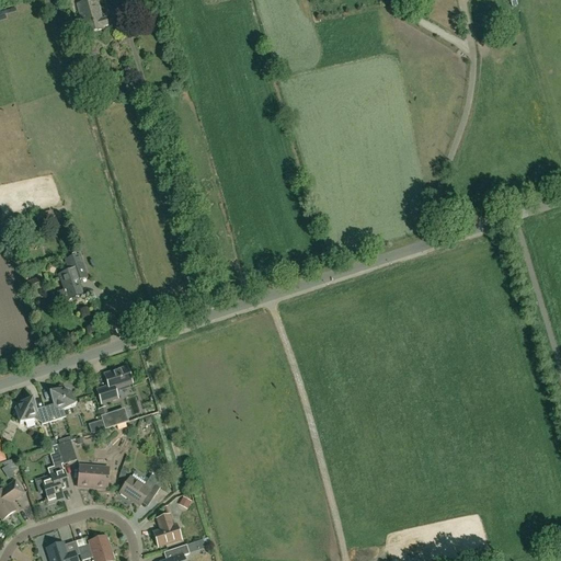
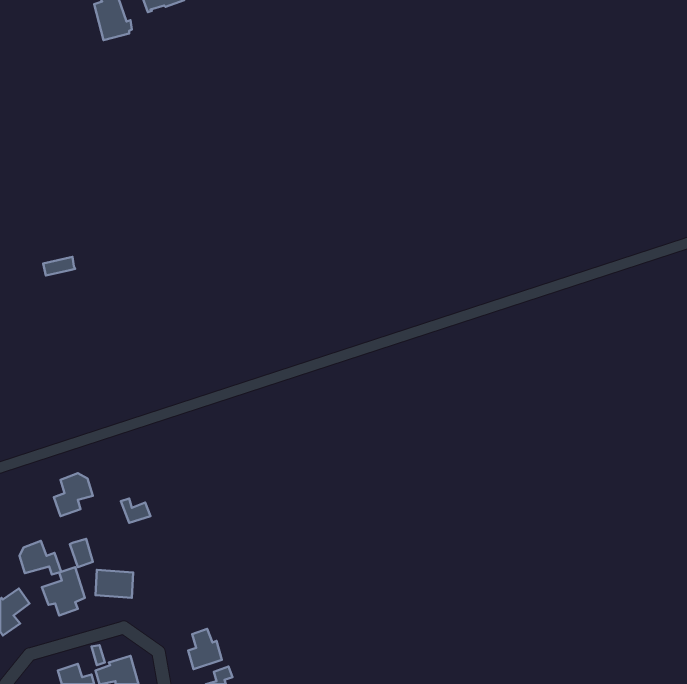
building: [58,252,88,298] -> none
building: [96,365,133,402] -> none
building: [15,396,49,423] -> [19,541,61,574]
building: [119,469,163,504] -> none

